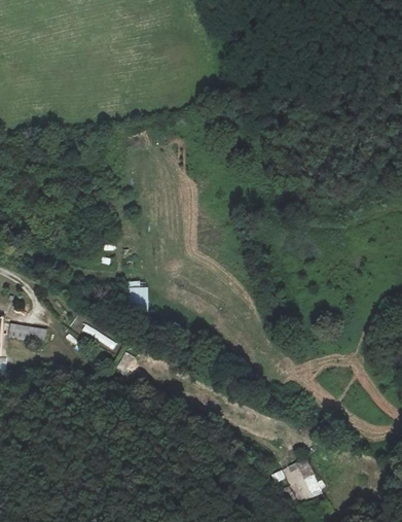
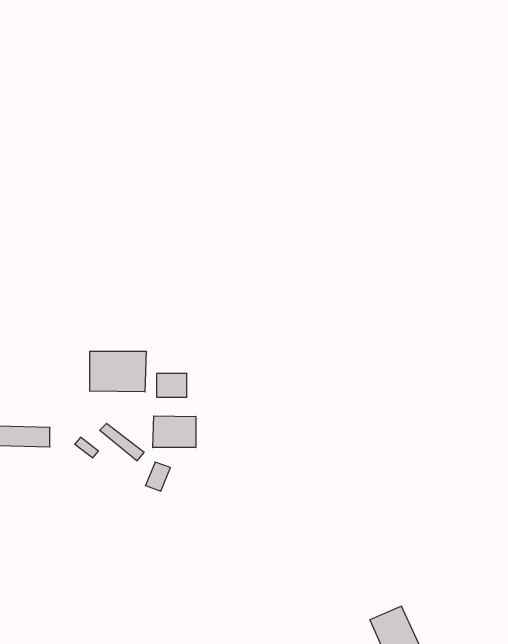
building: none -> [90,351,146,392]
building: none -> [153,416,196,448]

